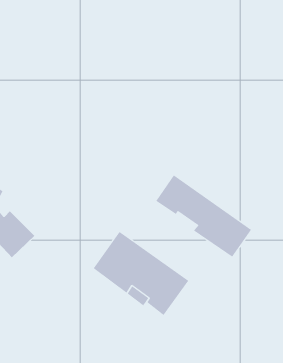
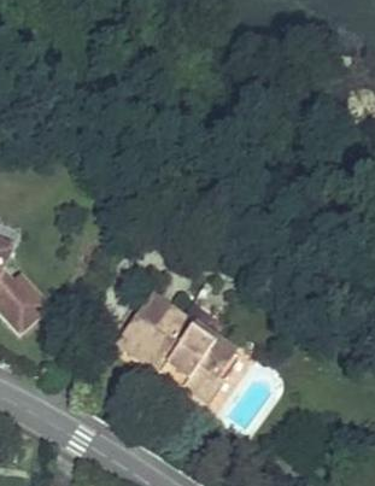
building: [155,174,252,258] -> none

